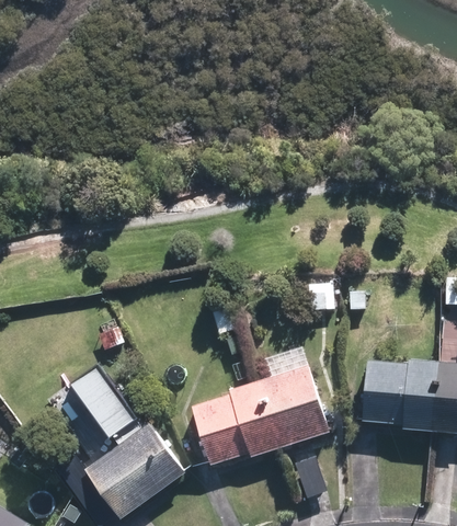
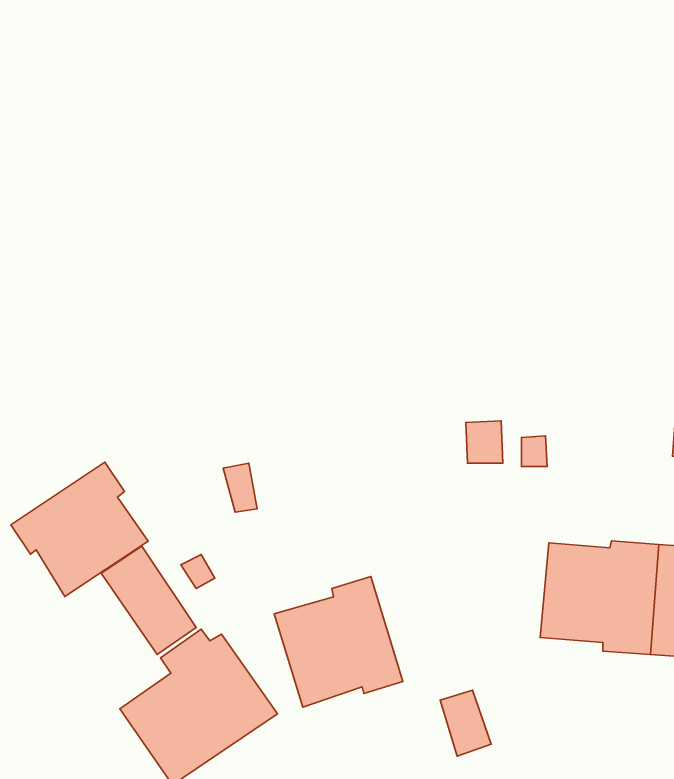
building: none -> [11,462,148,596]
building: [249,366,324,450] -> none

